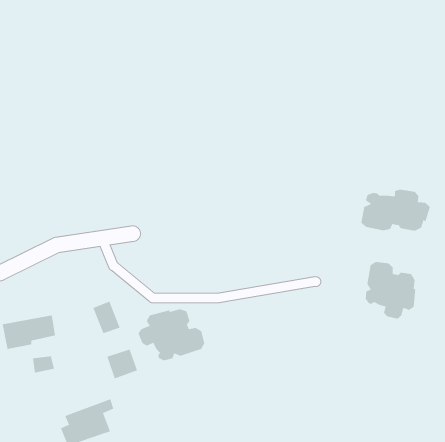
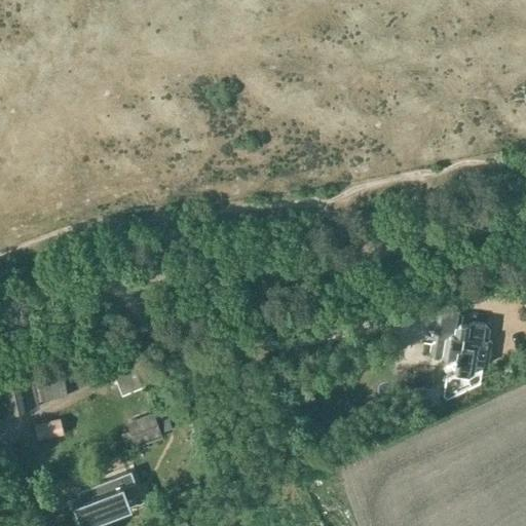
building: [361,189,431,232] -> none
building: [138,309,205,361] -> none

